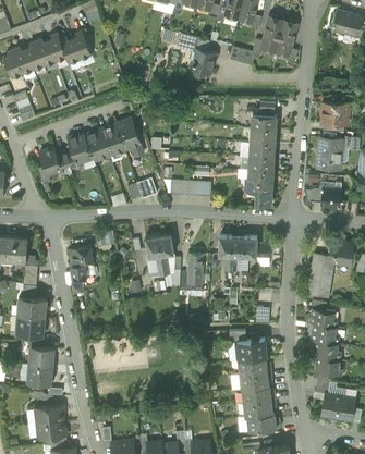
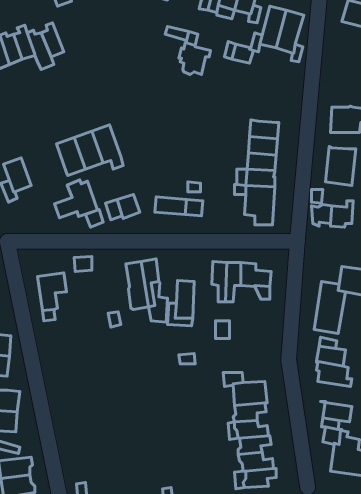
building: [57,133,94,165] -> [55,180,97,218]
building: [311,339,341,360] -> none

